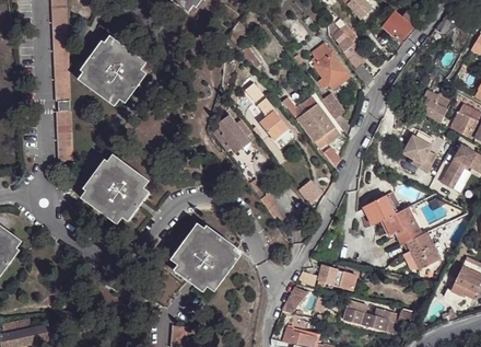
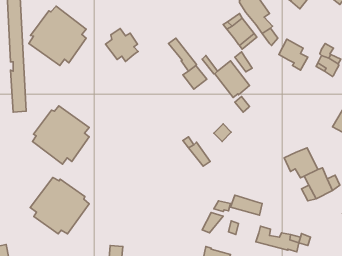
building: [213,112,253,151] -> [105,29,138,61]
building: [403,132,438,170] -> [279,39,308,70]
building: [365,195,396,222] -> none
building: [168,225,239,293] -> [30,177,89,234]

